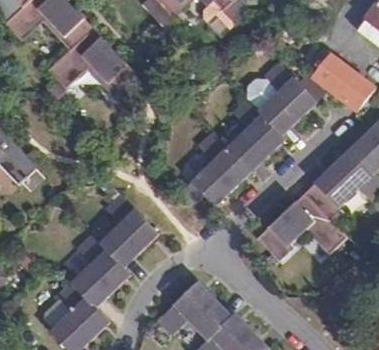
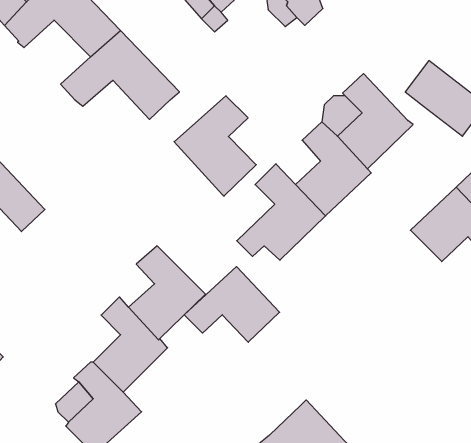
building: none -> [174,96,256,196]
building: [256,182,347,261] -> none
building: [158,281,231,339] -> [184,267,280,342]

